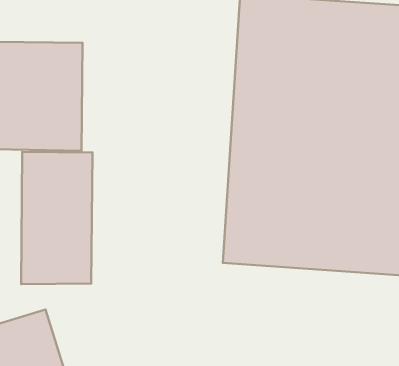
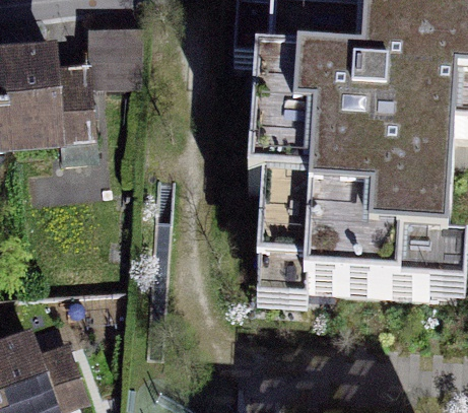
building: [21,152,92,284] -> none

